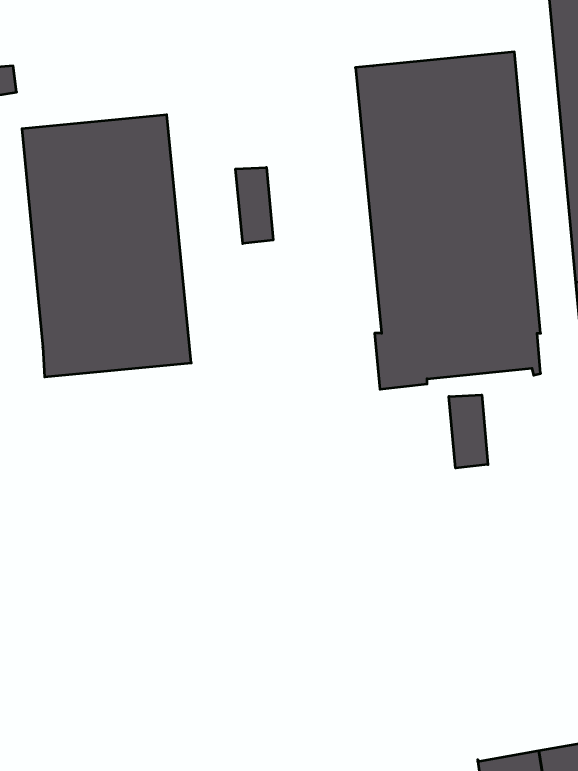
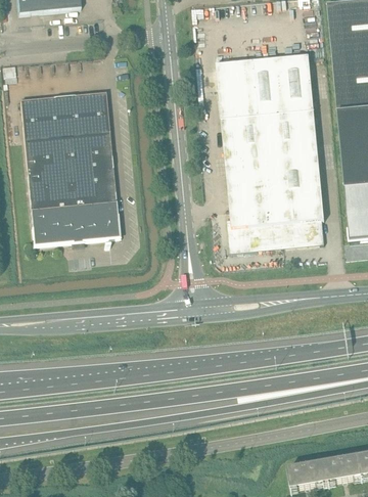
building: [236,167,273,244] -> none
building: [449,395,488,468] -> none

